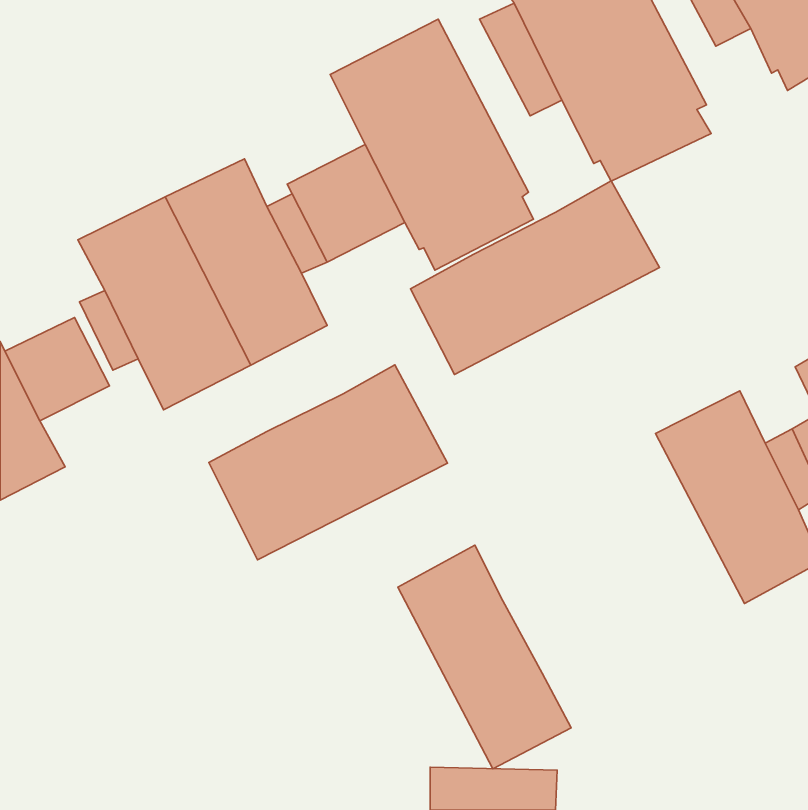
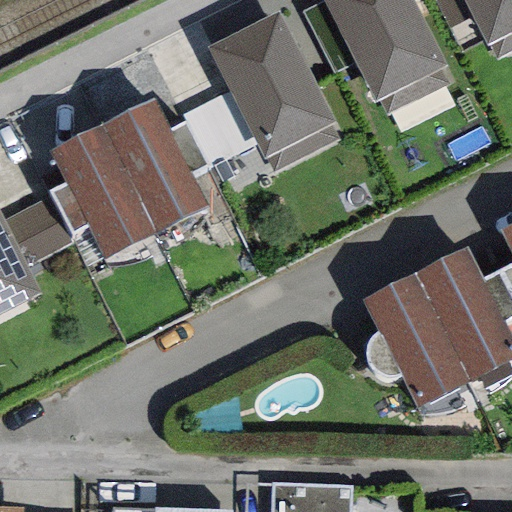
building: [411,181,659,375] -> none
building: [209,365,447,560] -> none
building: none -> [364,273,471,406]
building: [398,545,571,769] -> none

